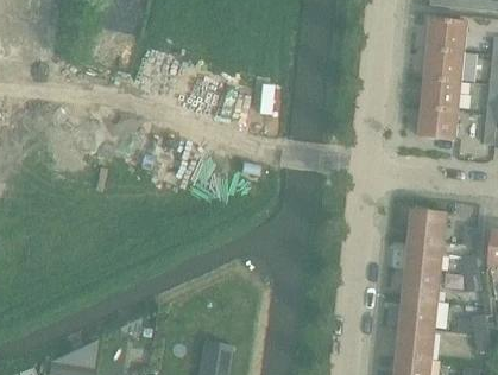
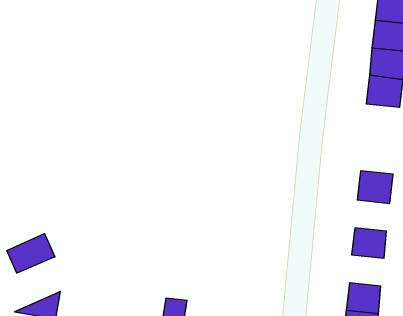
building: [406,239,443,272] -> none
building: none -> [7,234,55,273]
building: [401,297,437,330] -> none

